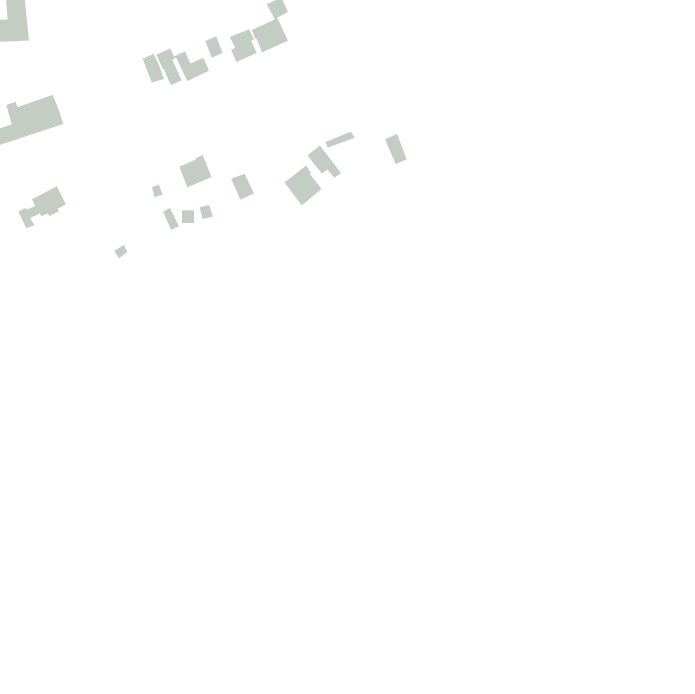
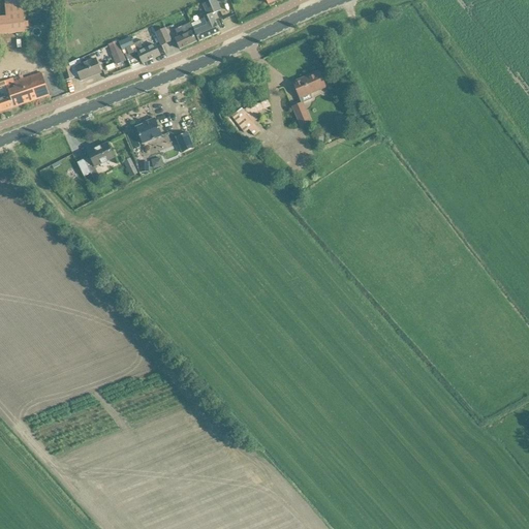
building: none -> [62,58,100,79]
building: none -> [292,70,324,101]
building: [284,165,323,206] -> none
building: [18,185,67,229] -> [76,142,114,175]

